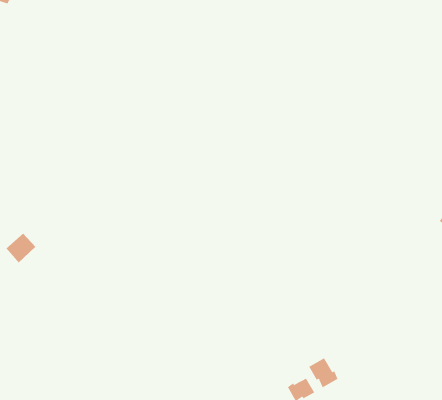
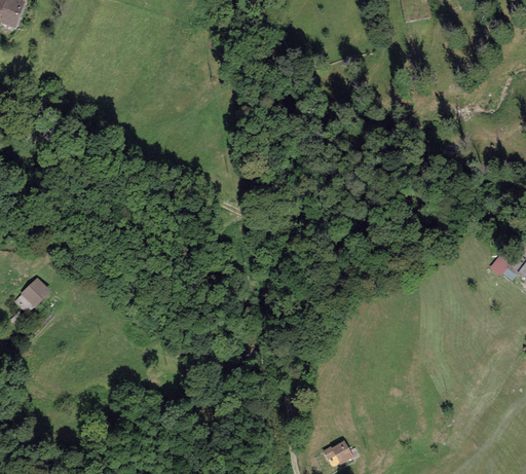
building: [308,358,338,388] -> none

